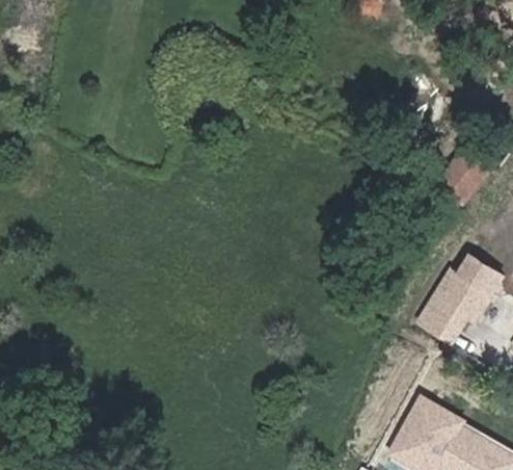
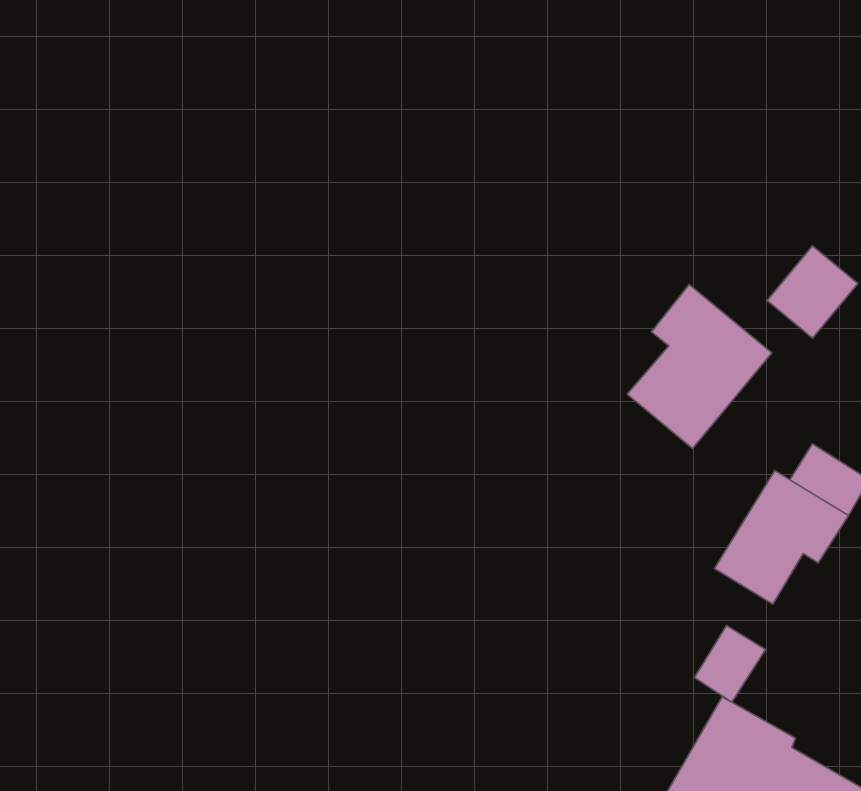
building: none -> [627,285,772,449]
building: none -> [694,625,765,702]

